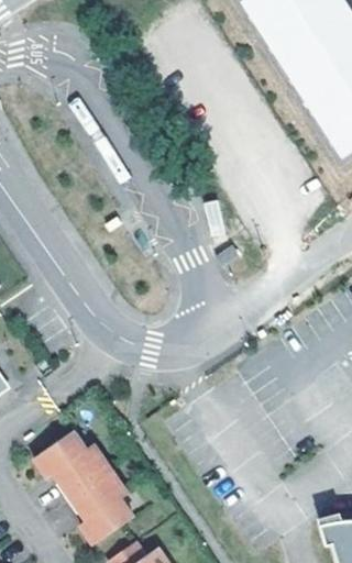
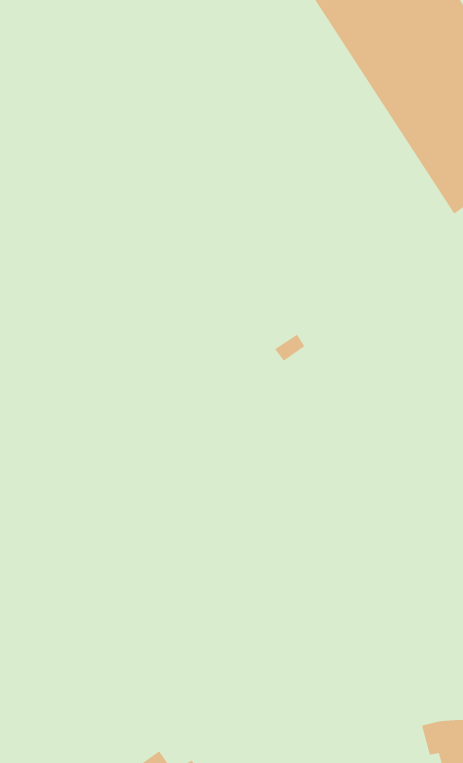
building: [34,430,133,544] -> none

